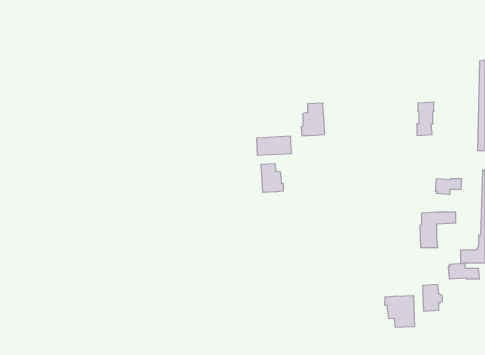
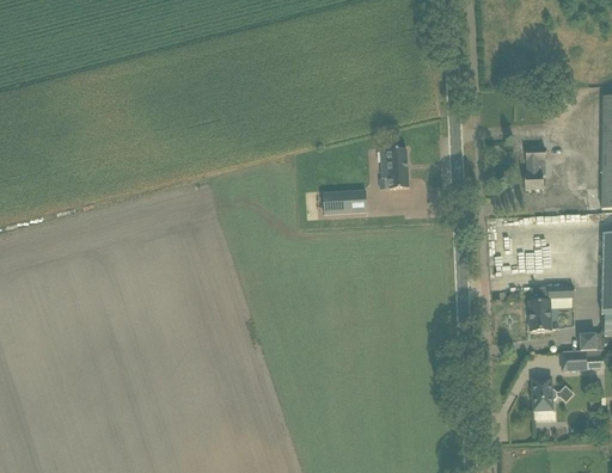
building: [261,163,283,193] -> none
building: [436,179,462,194] -> none
building: [385,295,414,327] -> none

